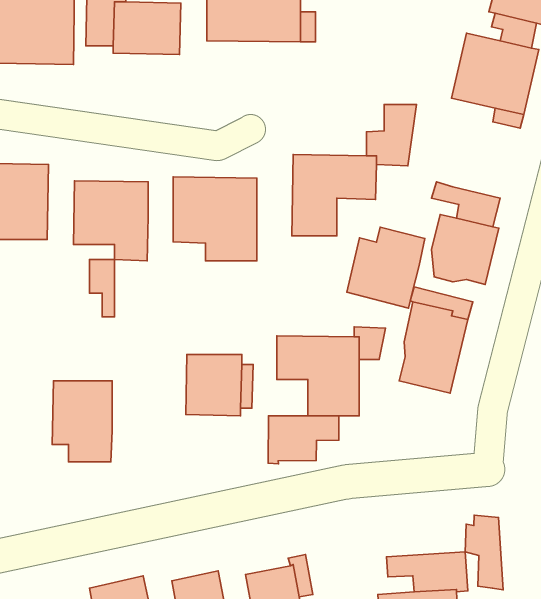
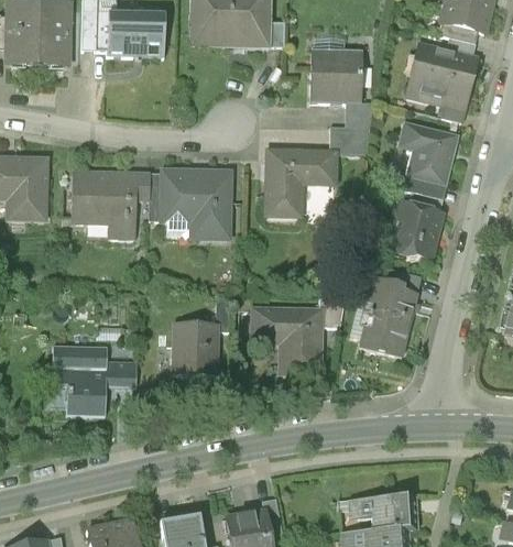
building: none -> [309,47,362,102]
building: none -> [396,120,460,185]
building: [347,227,425,308] -> none
building: [90,259,115,317] -> [137,172,159,222]
building: none -> [105,360,137,390]
building: [268,416,339,464] -> none
building: [465,515,503,590] -> none

